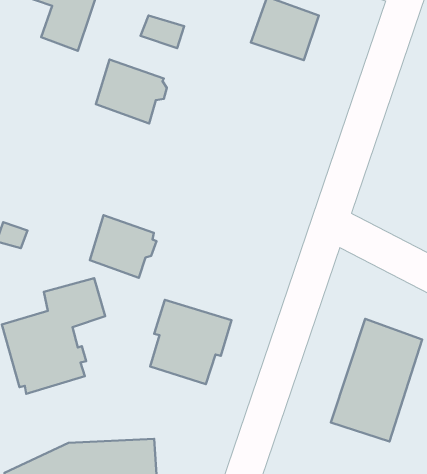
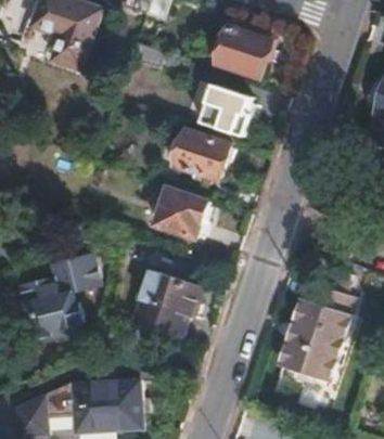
building: [96,59,167,123] -> [177,129,233,180]
building: none -> [204,86,249,133]
building: [90,215,156,278] -> [158,186,212,236]

